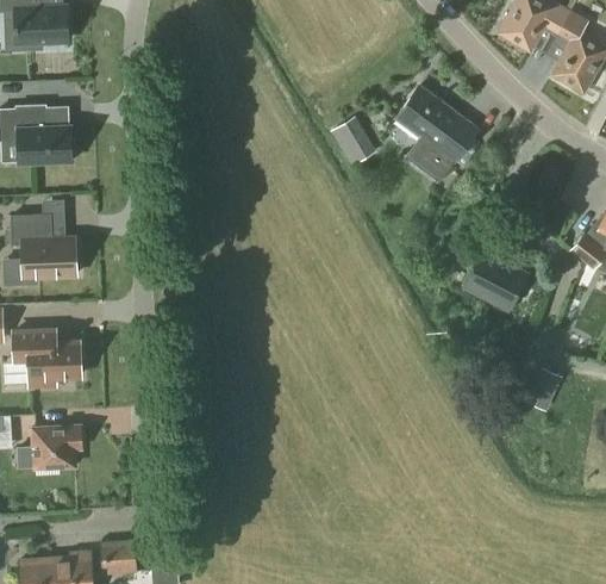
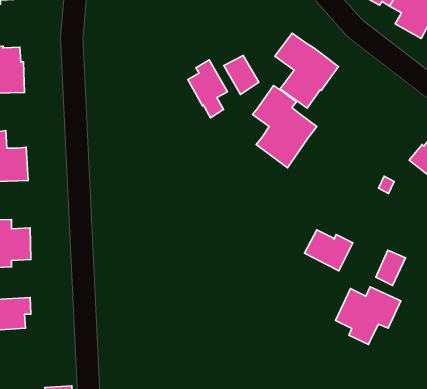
building: none -> [188,60,228,118]
building: none -> [252,86,317,168]
building: [464,257,526,310] -> [305,230,353,271]
building: none -> [335,287,401,345]

